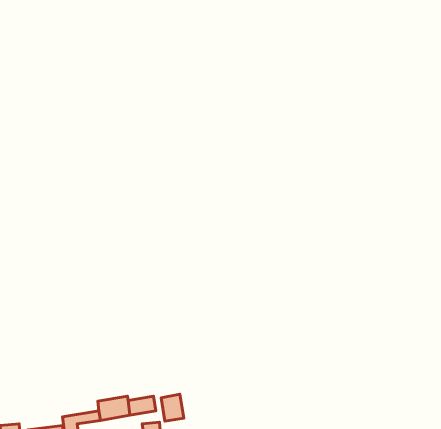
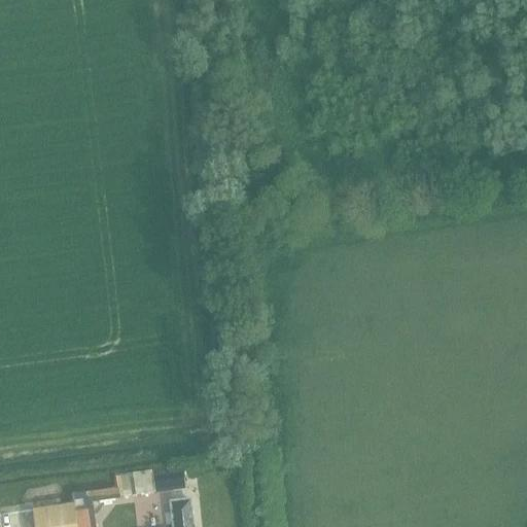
building: [161,394,184,421] -> none

